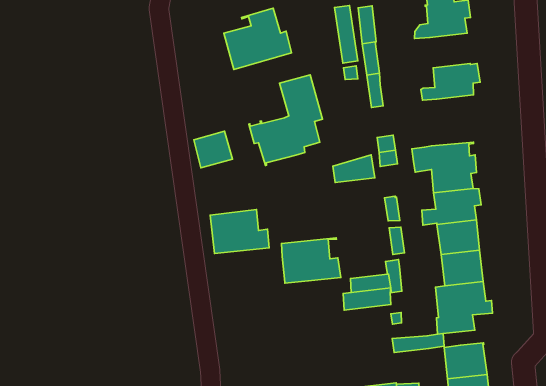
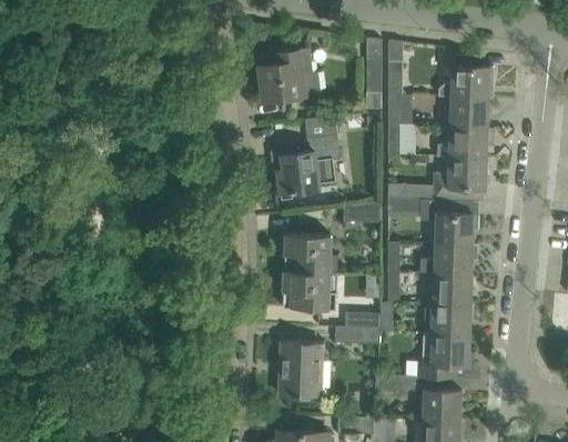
building: none -> [450,98,487,128]
building: none -> [432,157,485,201]
building: [194,131,232,168] -> none
building: [210,210,269,254] -> [284,234,337,273]
building: none -> [278,343,322,398]

